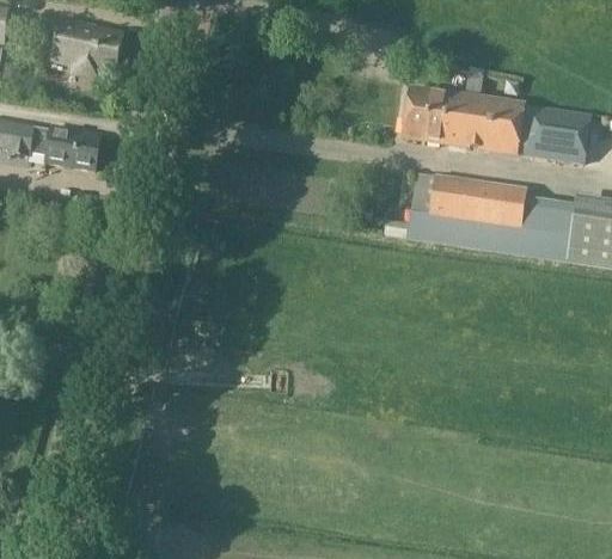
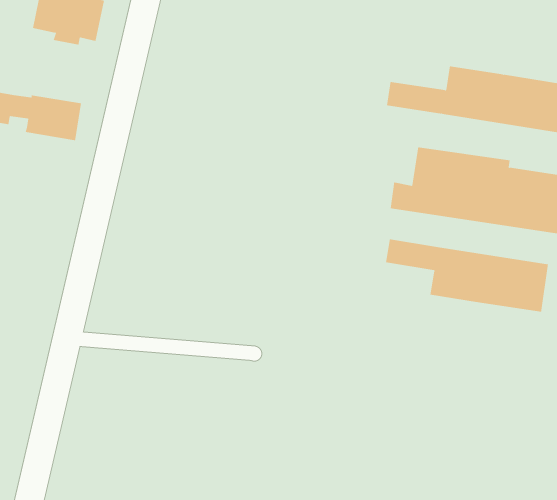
building: [405,86,464,118] -> none
building: none -> [386,239,549,313]

